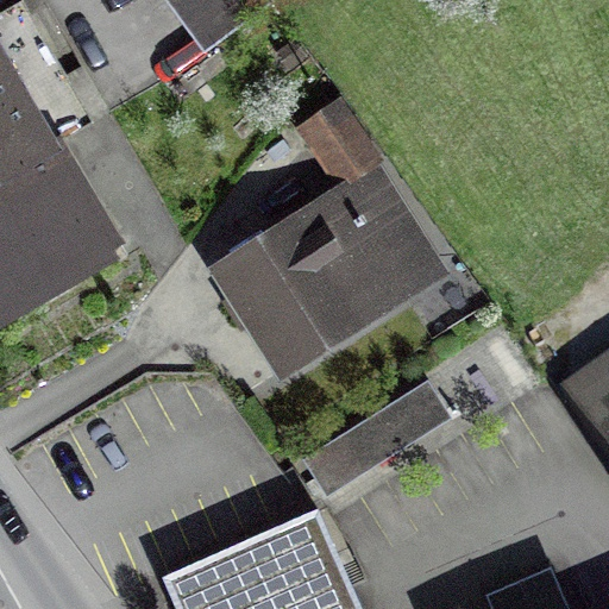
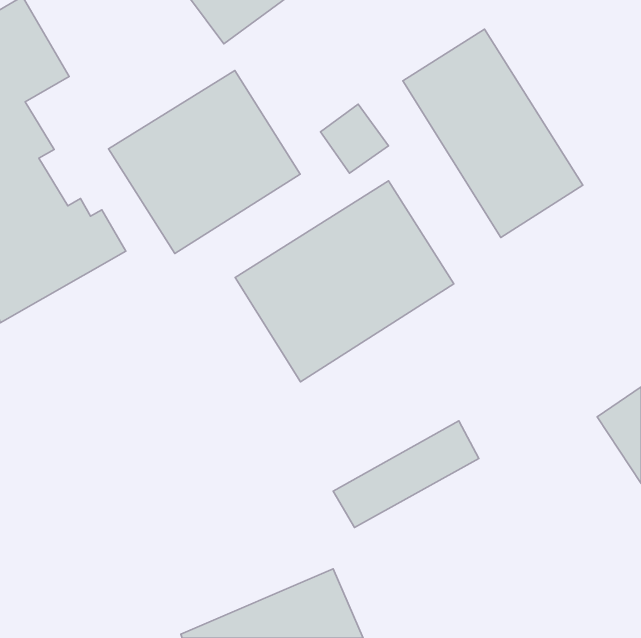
building: none -> [403,29,583,237]
building: none -> [108,70,300,253]

